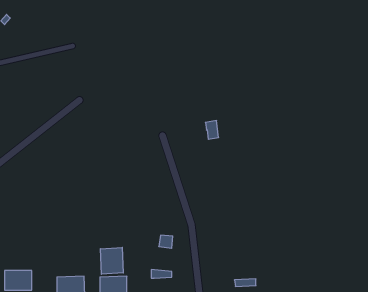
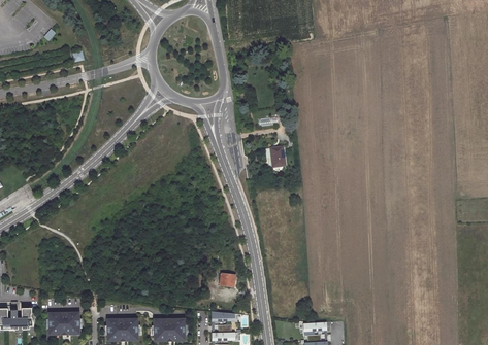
building: [100,247,123,274] -> none

